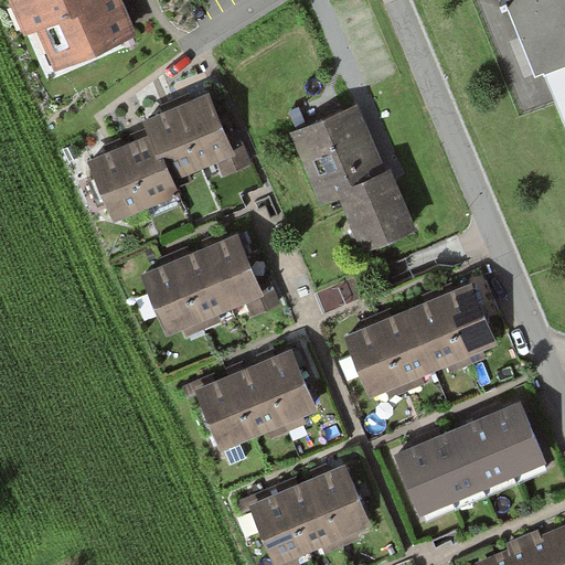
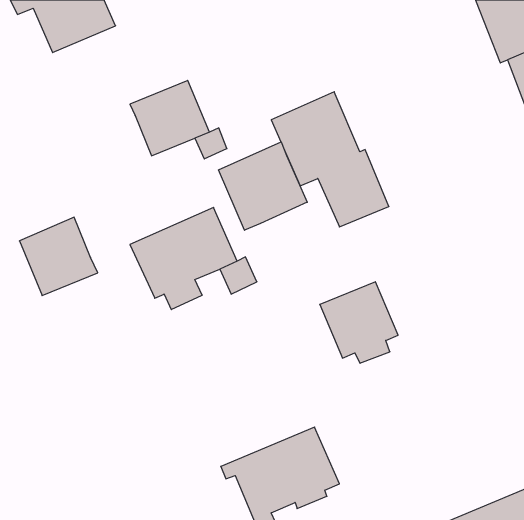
building: [89,131,173,215] -> [19,217,98,296]
building: none -> [218,142,307,230]
building: [405,286,487,372] -> none
building: [195,352,312,451] -> none
building: [401,413,543,516] -> none

